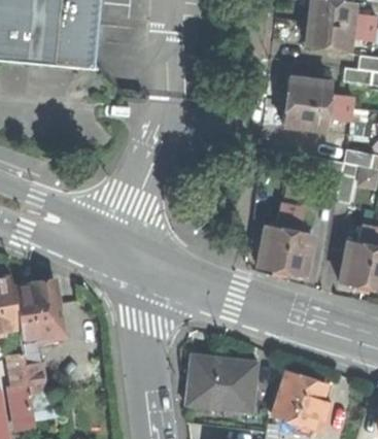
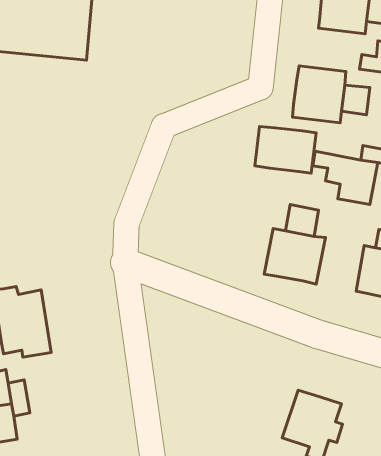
building: none -> [255,126,316,173]
building: [184,356,257,411] -> none

